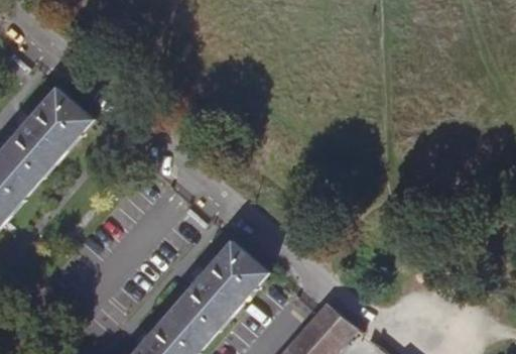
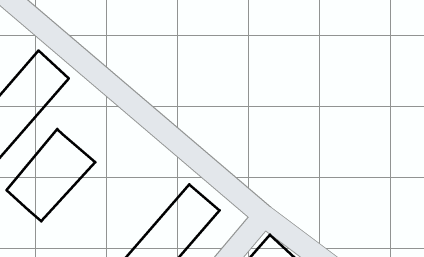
building: none -> [7,129,95,221]

